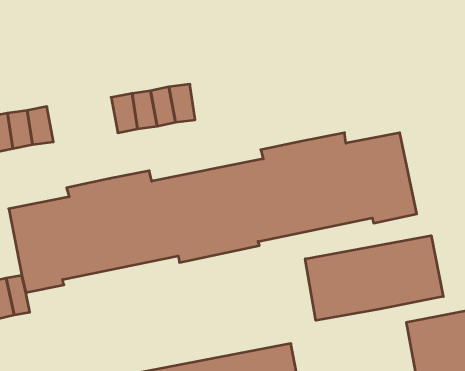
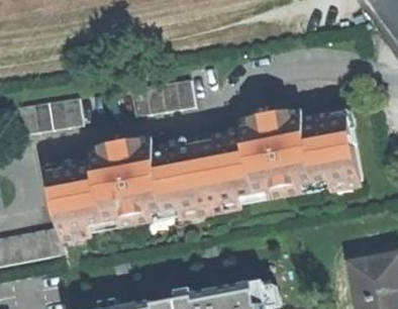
building: [305,236,443,320] -> none

